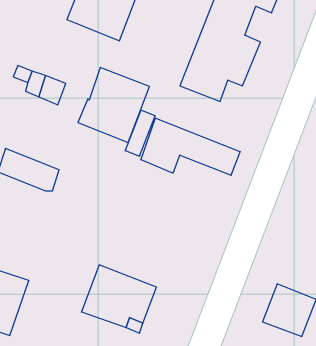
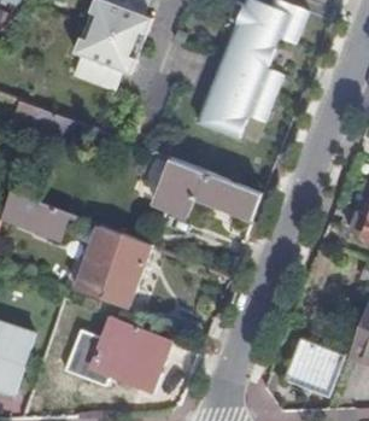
building: [78,68,149,143] -> [72,227,150,308]

